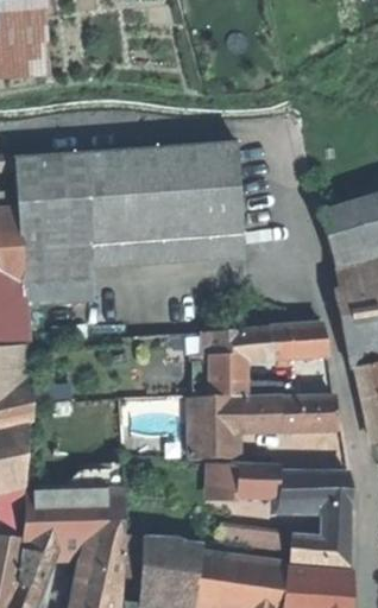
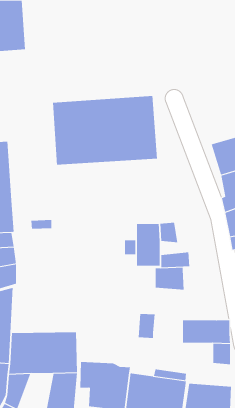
building: [17,152,92,297] -> none
building: [267,325,328,360] -> none
building: [189,397,239,460] -> none
building: [281,398,335,430] -> none
building: [237,466,278,494] -> none
building: [291,536,352,566] -> none

